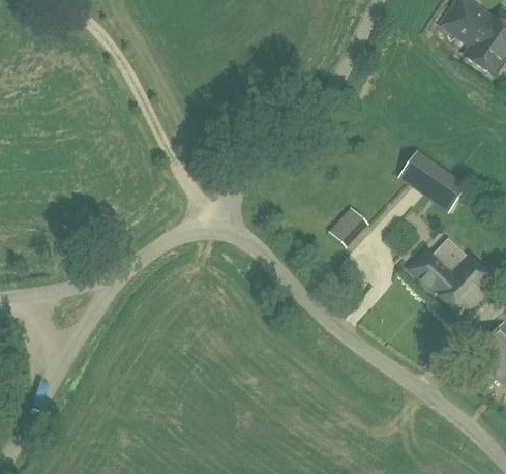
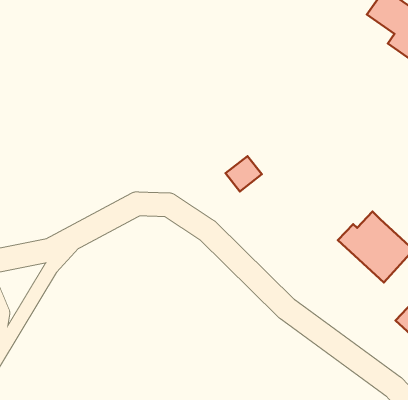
building: [403,152,465,206] -> none
building: [331,204,370,242] -> [226,156,262,191]

